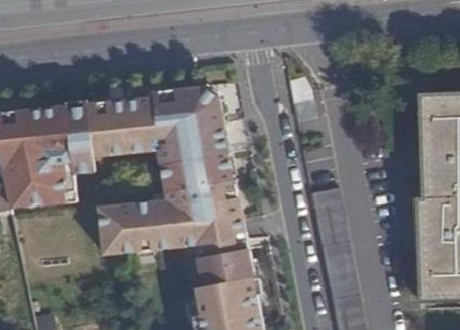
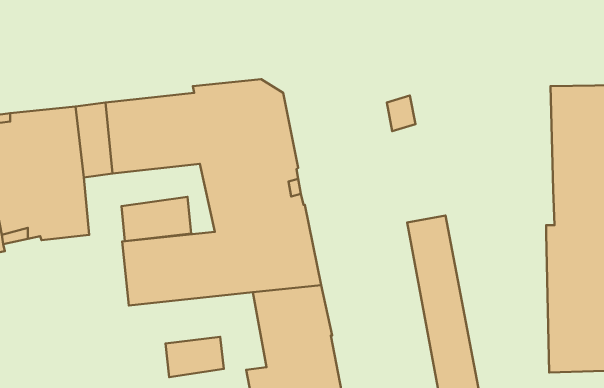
building: none -> [122,197,191,241]
building: none -> [165,337,224,377]

